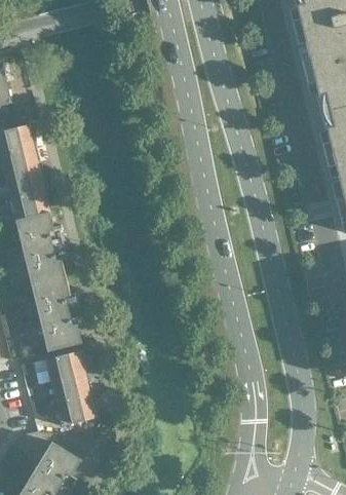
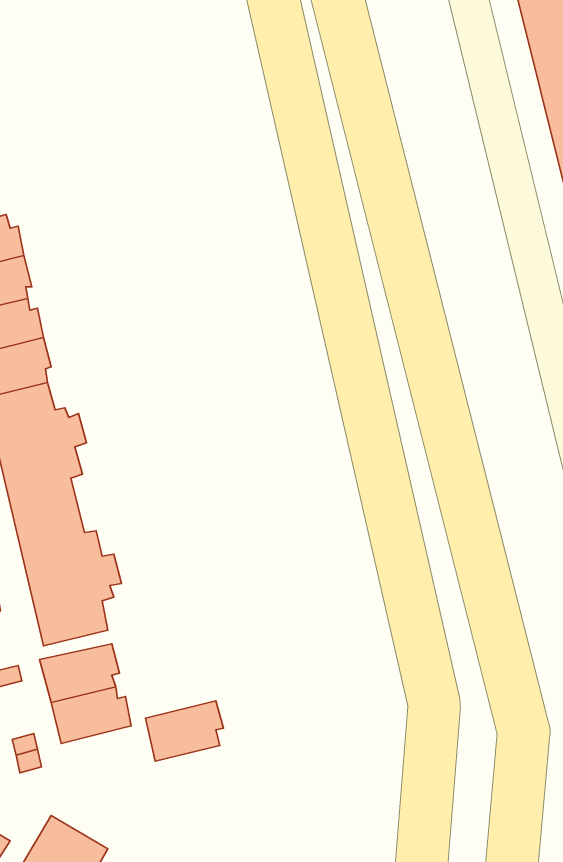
building: [55,394,97,426] -> [146,701,224,761]

